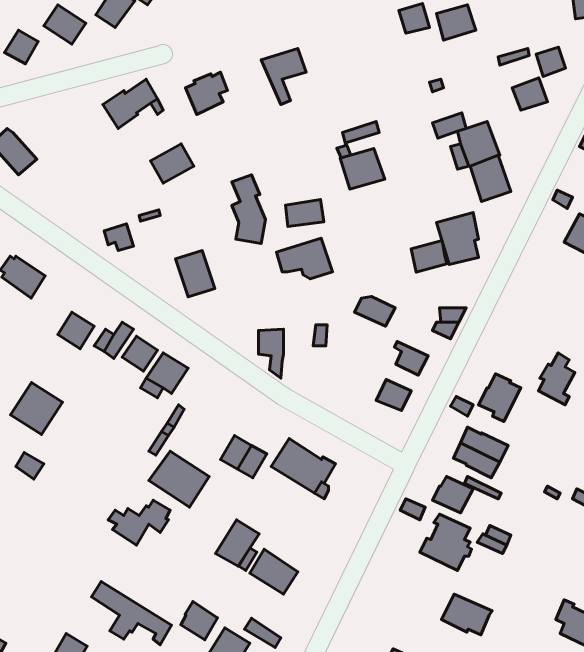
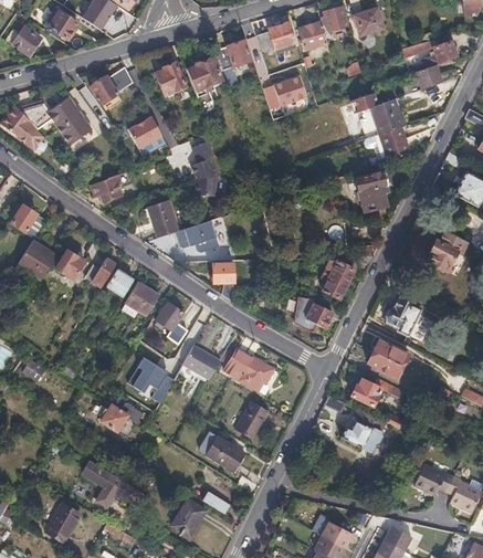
building: none -> [300,20,329,49]
building: none -> [256,21,295,51]
building: none -> [187,57,223,113]
building: none -> [20,96,93,144]
building: [340,148,385,189] -> [271,70,306,102]
building: [285,200,324,226] -> none
building: [276,238,333,279] -> [176,220,220,252]
building: [411,241,447,272] -> none
building: [355,297,395,326] -> [323,260,355,283]
building: [538,353,575,405] -> [429,232,458,273]
building: none -> [155,301,188,343]
building: [10,382,62,434] -> [17,239,57,280]
building: [216,520,259,566] -> [234,401,269,438]
building: [442,594,492,635] -> [417,459,456,491]
building: [181,602,217,640] -> none

